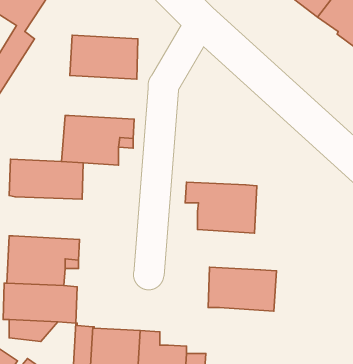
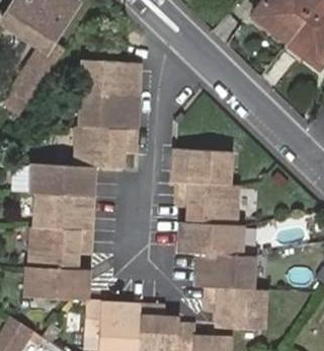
building: none -> [81,91,138,128]
building: none -> [173,147,231,183]
building: none -> [34,193,92,228]
building: none -> [180,220,242,254]
building: none -> [207,285,265,328]

